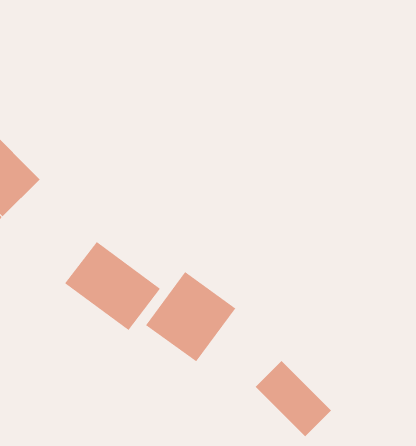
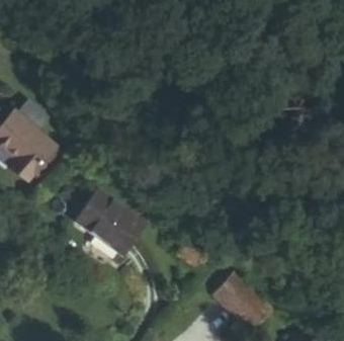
building: [145,271,236,362] -> none

